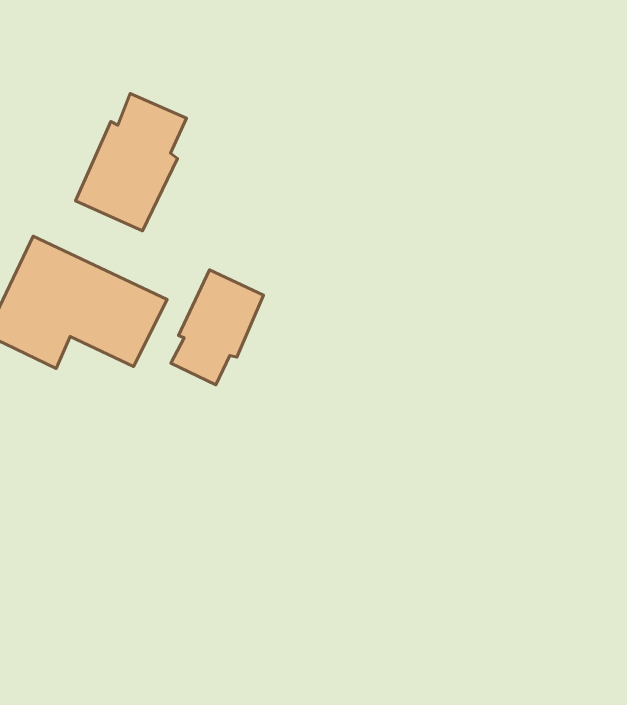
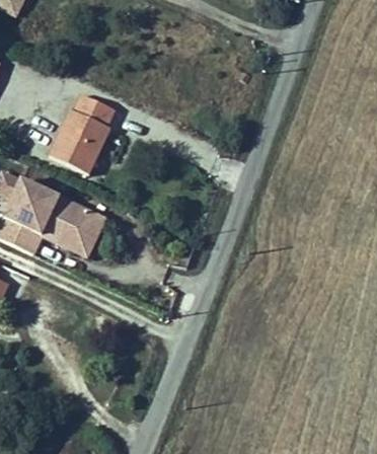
building: [171,270,263,385] -> none

